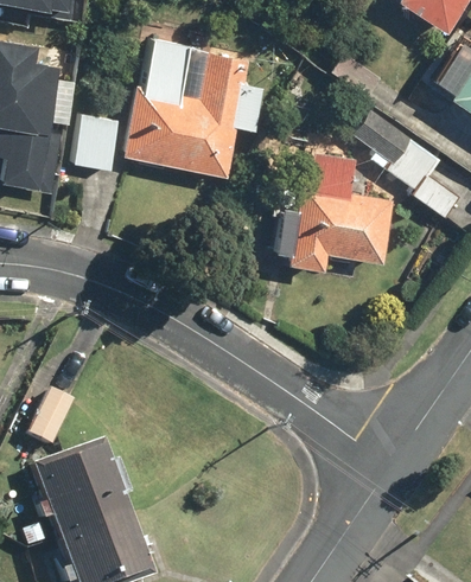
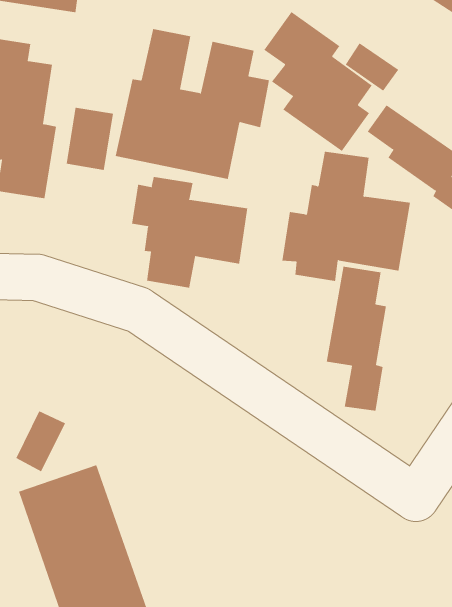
building: none -> [263,11,373,152]
building: none -> [132,176,248,289]
building: none -> [326,266,386,411]

